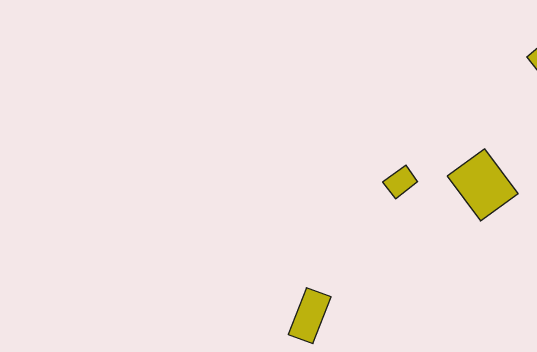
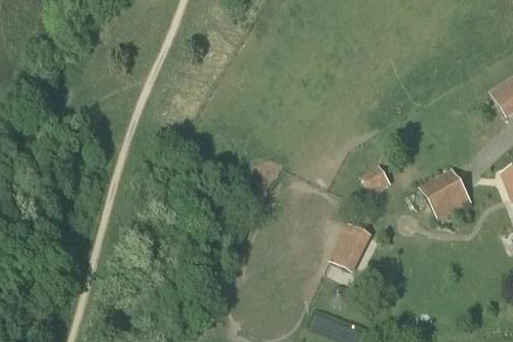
building: [288,288,331,344] -> [331,225,369,271]

